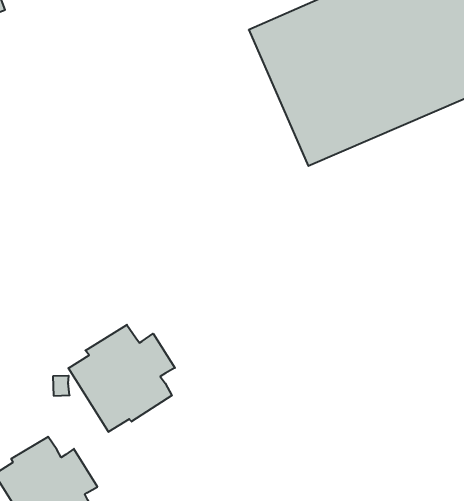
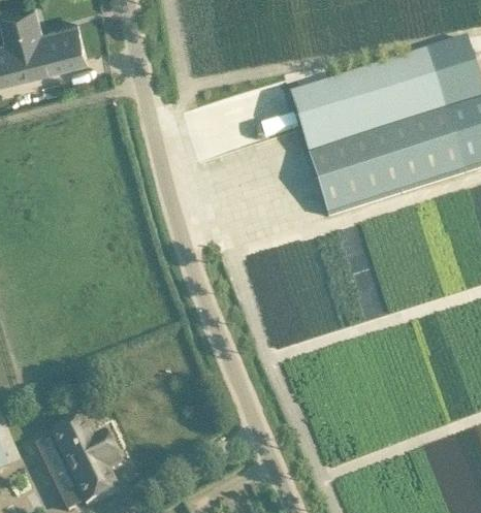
building: [68,325,175,432] -> none

